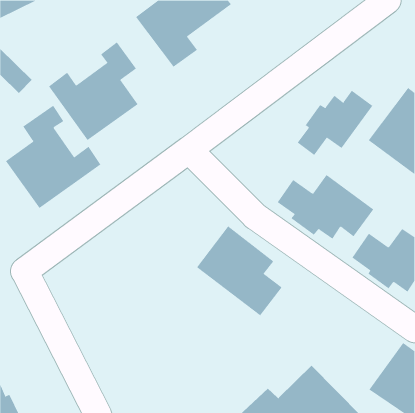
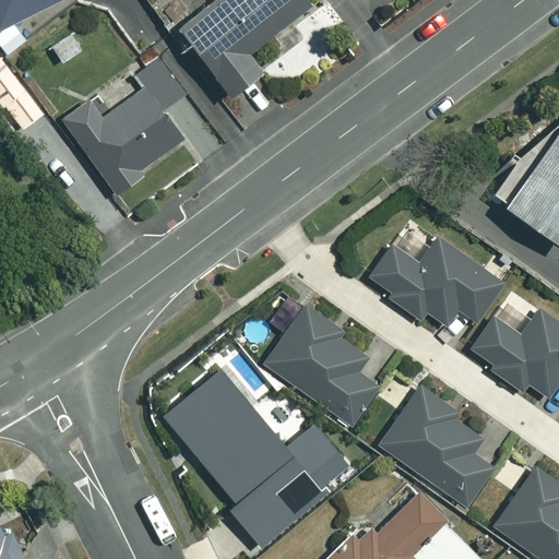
building: [297,90,373,156] -> none
building: [5,105,101,209] -> none
building: none -> [165,369,349,545]
building: none -> [379,389,493,511]

